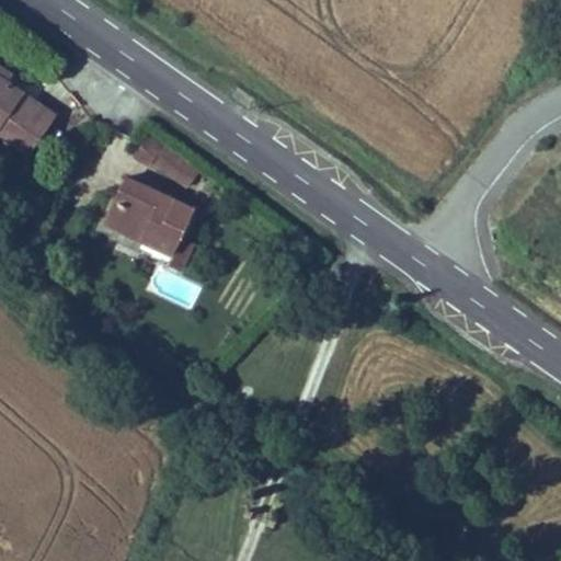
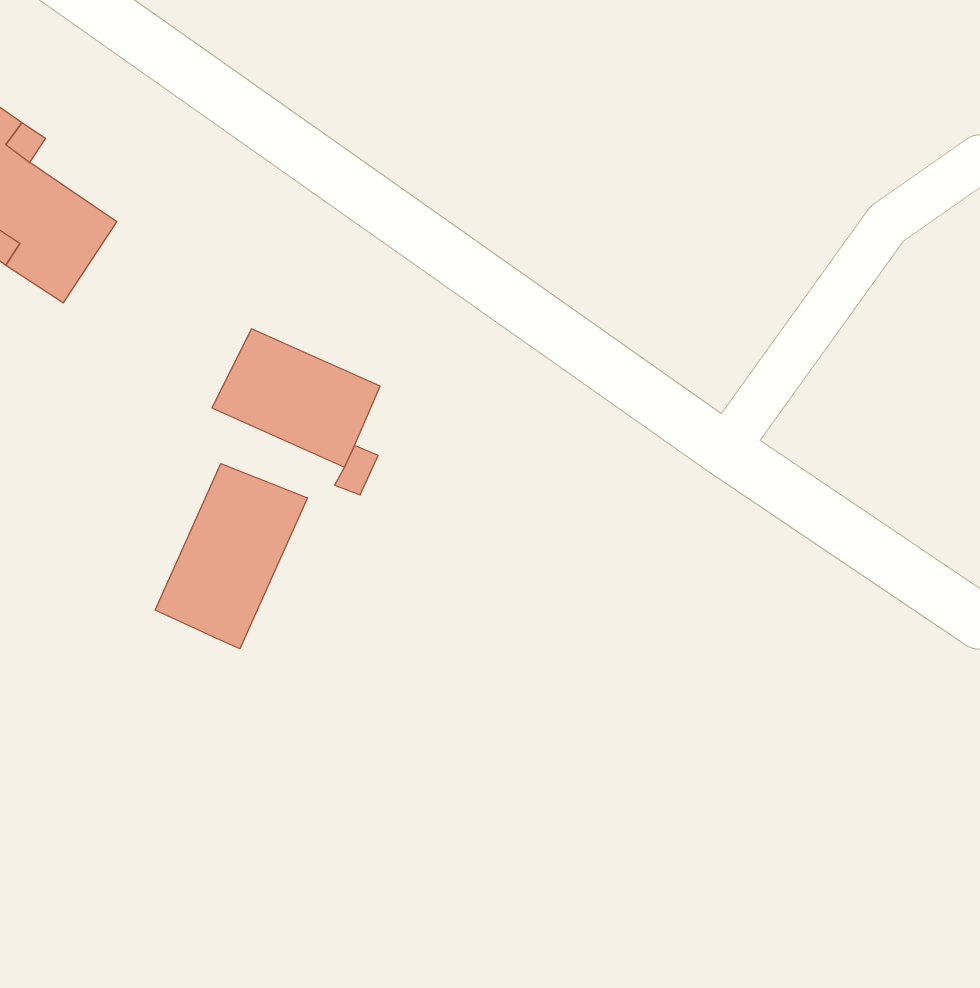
building: none -> [155,464,307,649]

